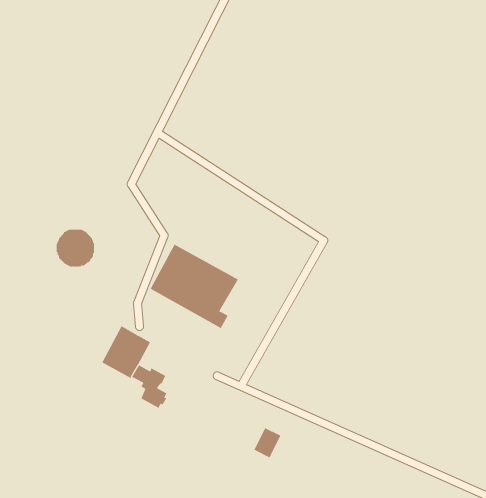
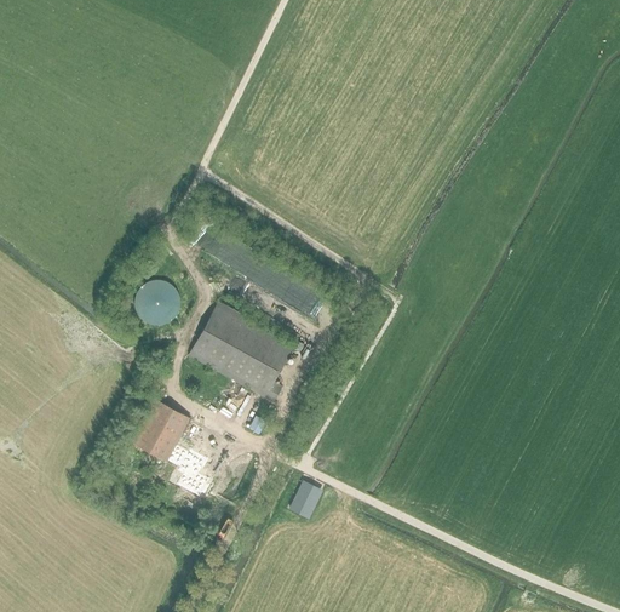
building: [56,229,95,267] -> [134,280,180,325]
building: [253,427,281,458] -> [289,481,322,517]

